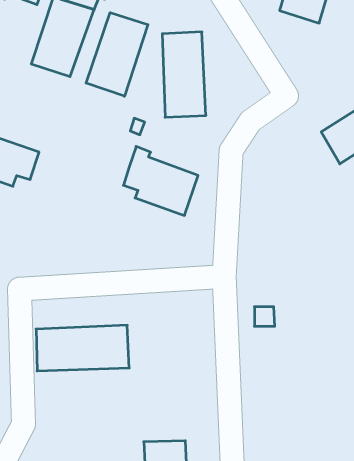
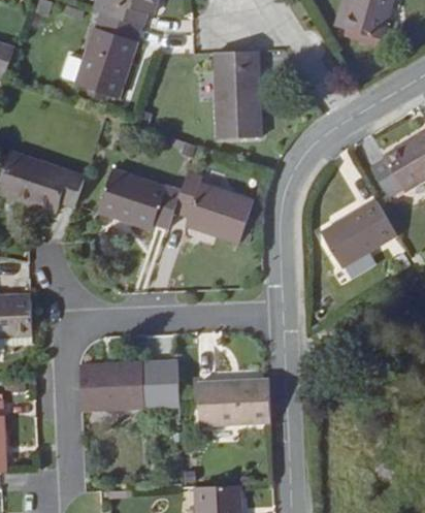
building: [86,13,148,96] -> none
building: none -> [98,170,179,229]
building: none -> [320,199,397,267]
building: none -> [198,379,270,424]

